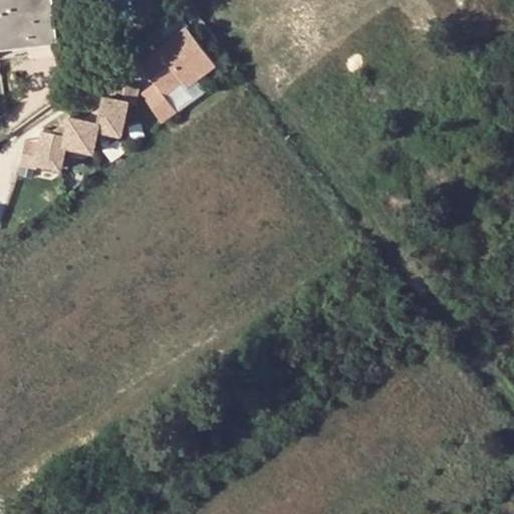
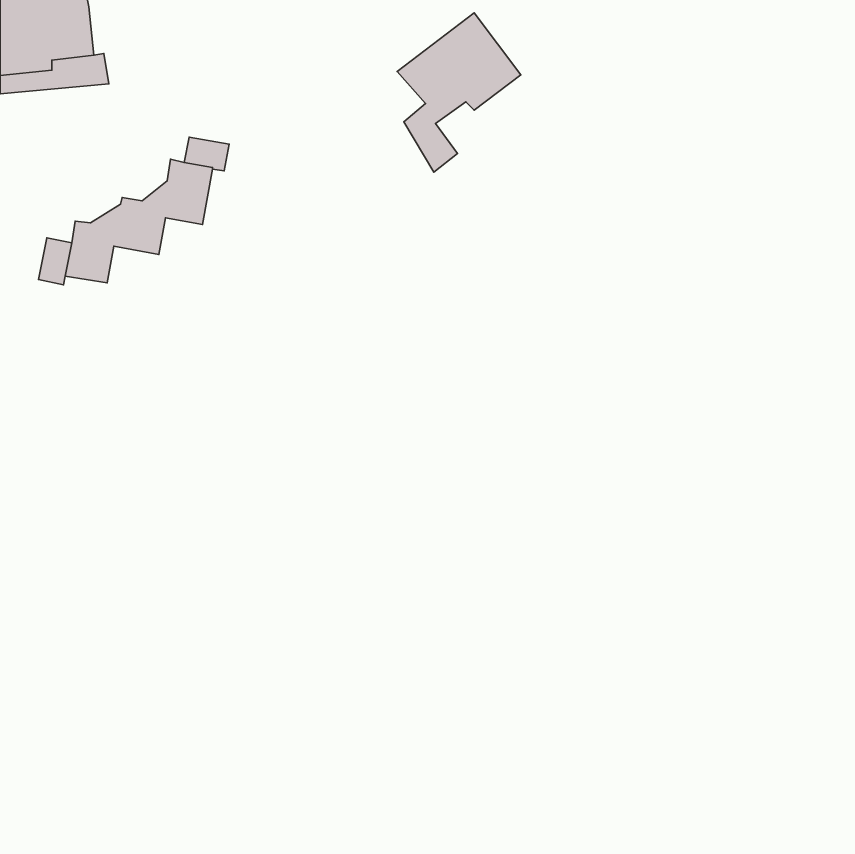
building: [138,28,212,123] -> [397,13,521,172]

